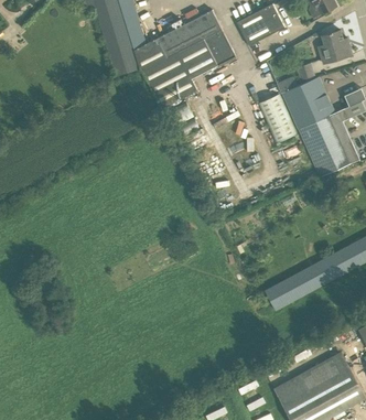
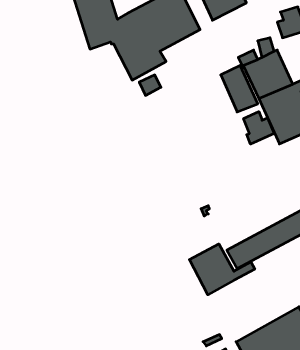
building: none -> [244,112,274,144]
building: none -> [189,244,255,295]

